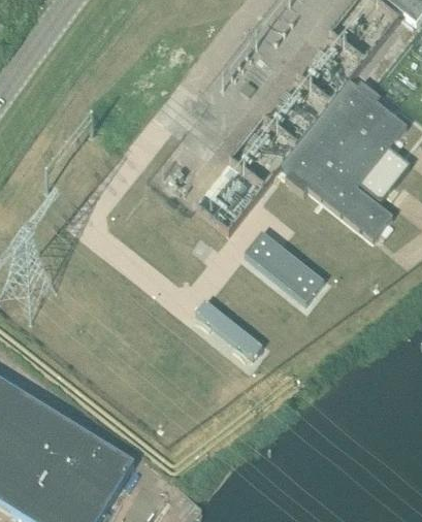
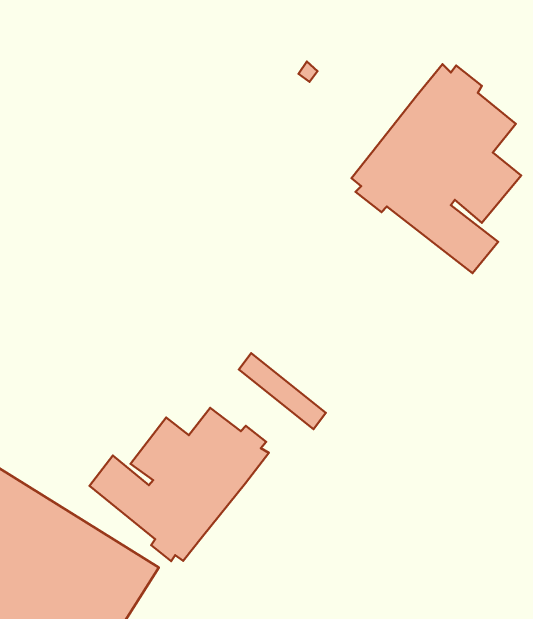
building: [244,230,323,301] -> none
building: none -> [89,408,269,561]

